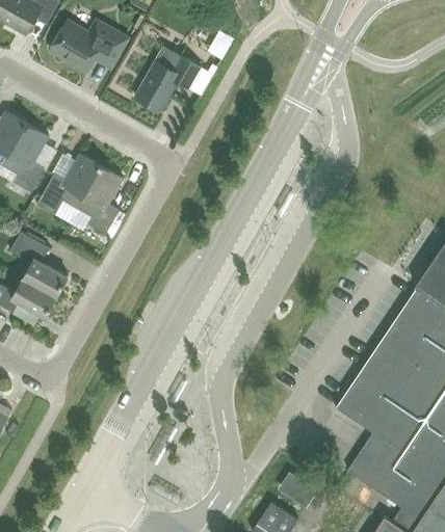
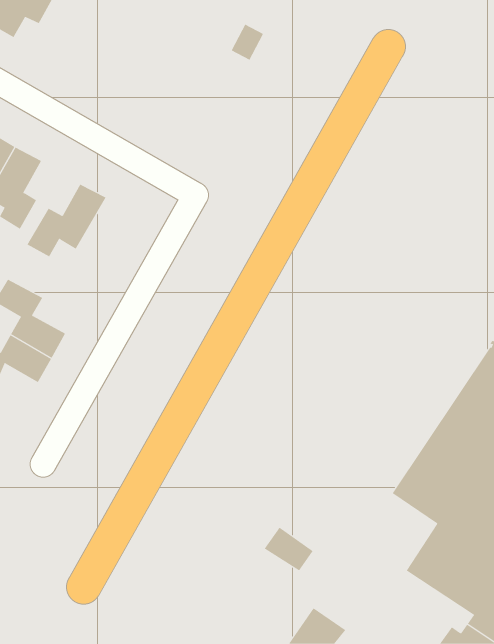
building: [51,20,127,69] -> none
building: [134,45,201,111] -> none
building: [77,165,123,234] -> none
building: [277,470,317,506] -> [264,527,313,571]

